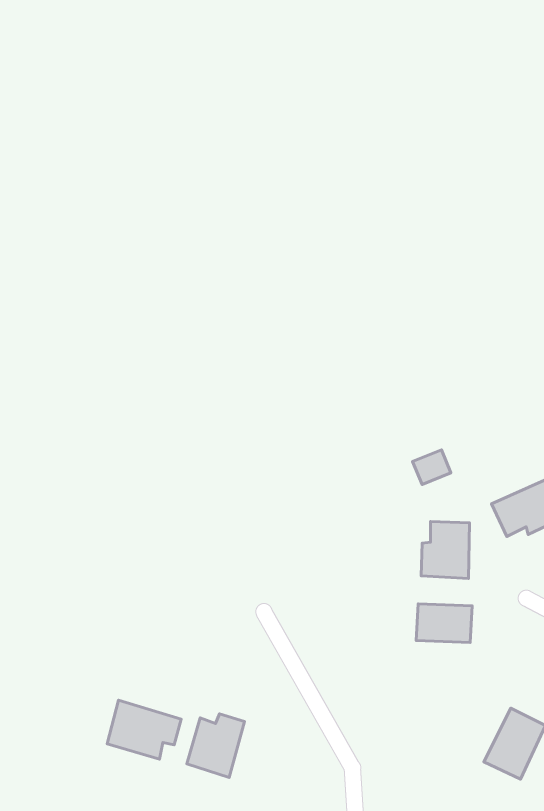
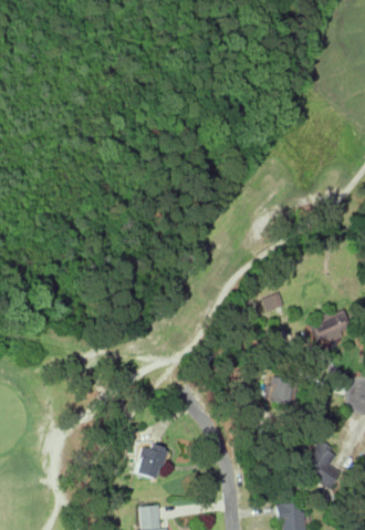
building: [421,522,470,579] -> none
building: [107,700,181,759] -> none

